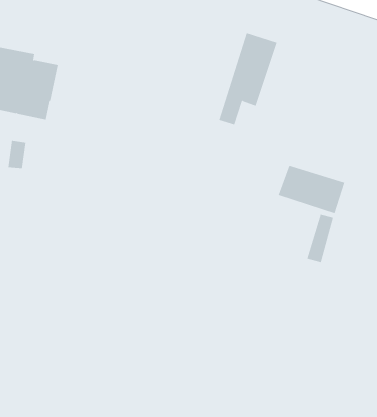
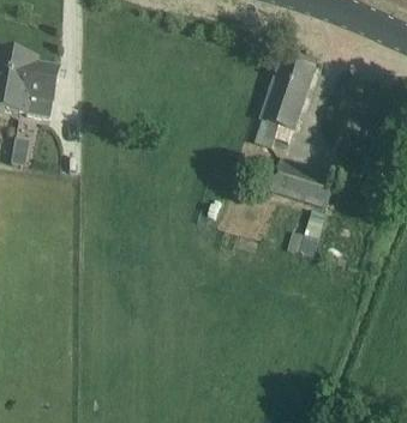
building: [219,33,277,125] -> [255,56,311,145]

